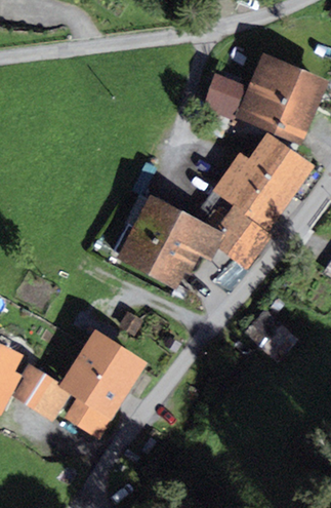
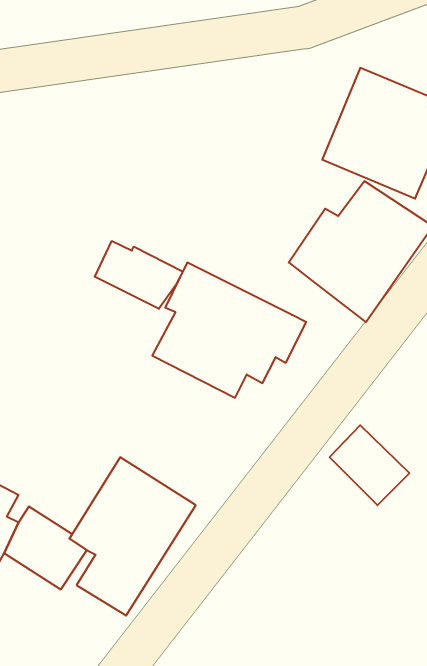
building: [201,73,246,120] -> none
building: none -> [95,241,183,309]
building: [214,204,273,268] -> none

